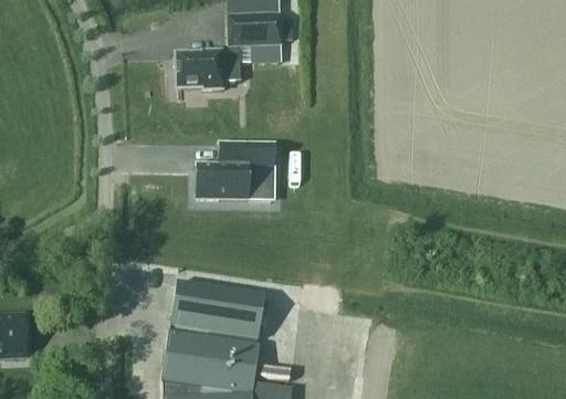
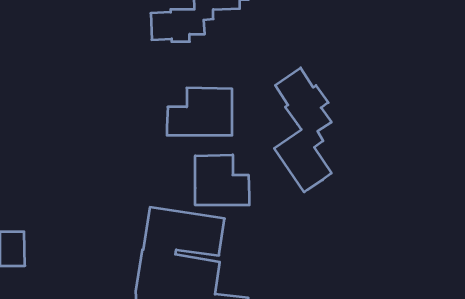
building: none -> [274,68,331,192]
building: none -> [195,155,249,205]

